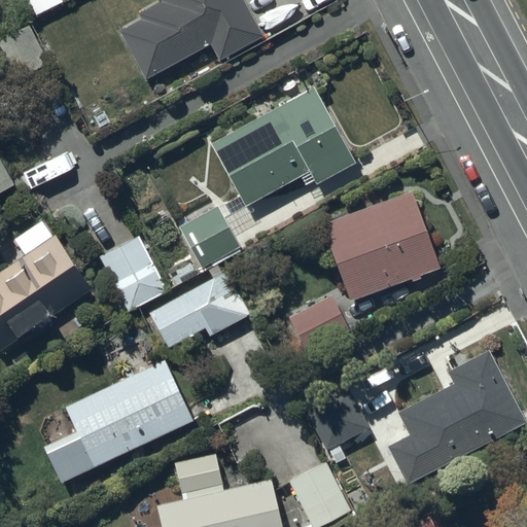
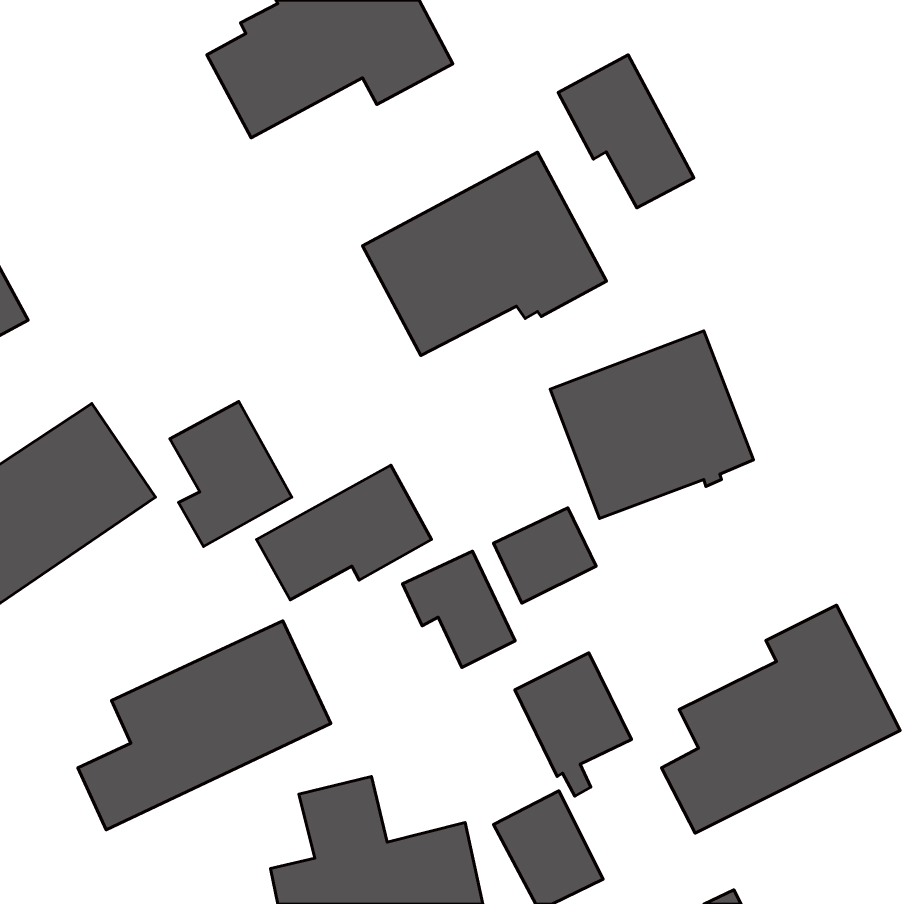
building: none -> [558,55,694,208]
building: [178,208,239,269] -> none
building: none -> [403,551,515,667]

